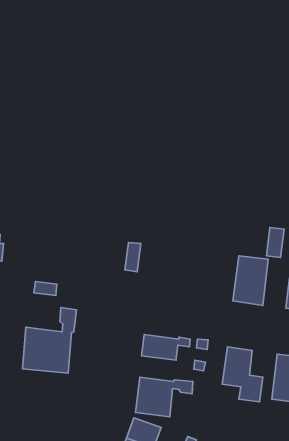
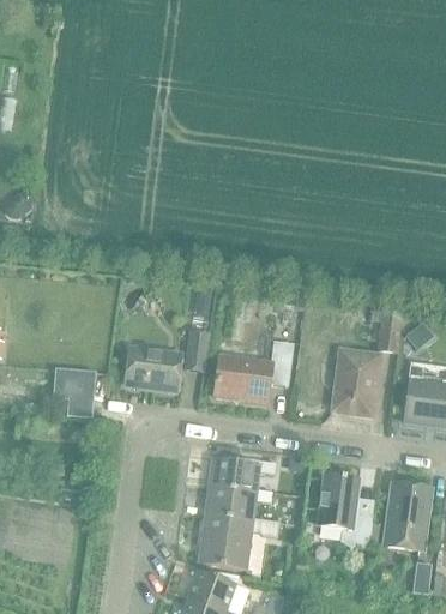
building: none -> [213,338,293,401]
building: none -> [125,347,180,389]
building: [22,307,77,373] -> none
building: none -> [205,483,270,518]

